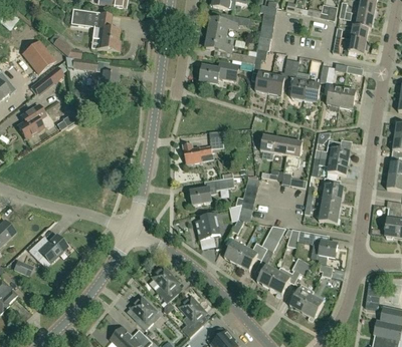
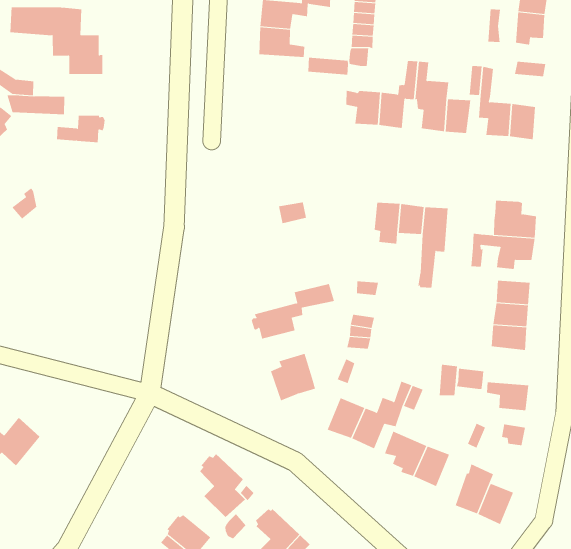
building: [199,60,238,83] -> none
building: [183,142,214,162] -> none

